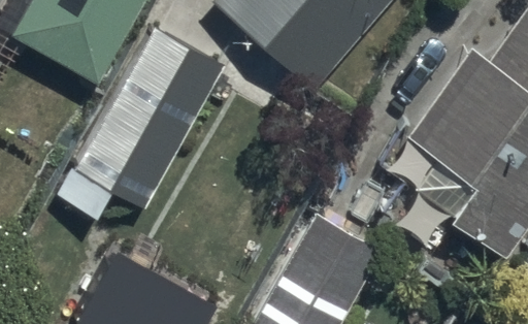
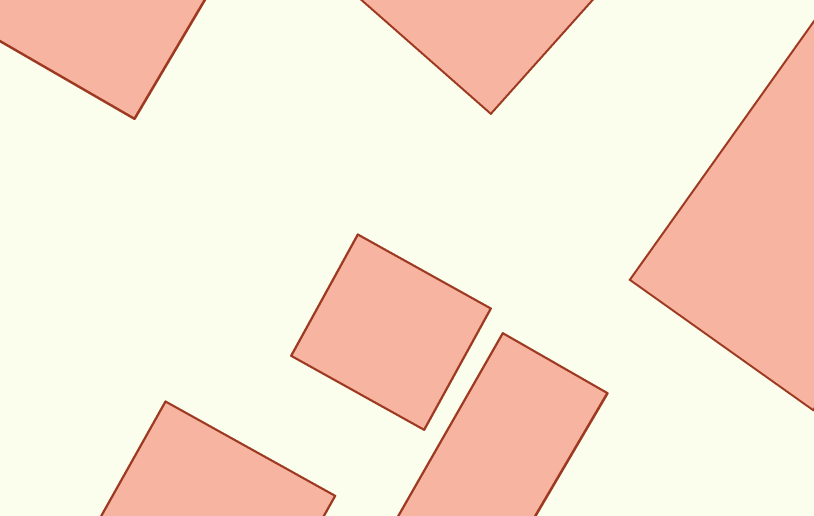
building: [80,29,223,210] -> none
building: none -> [291,235,491,430]

